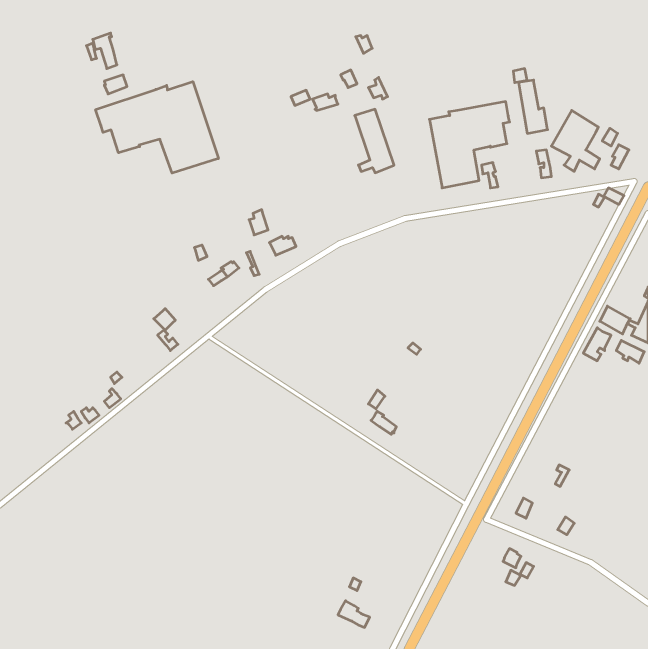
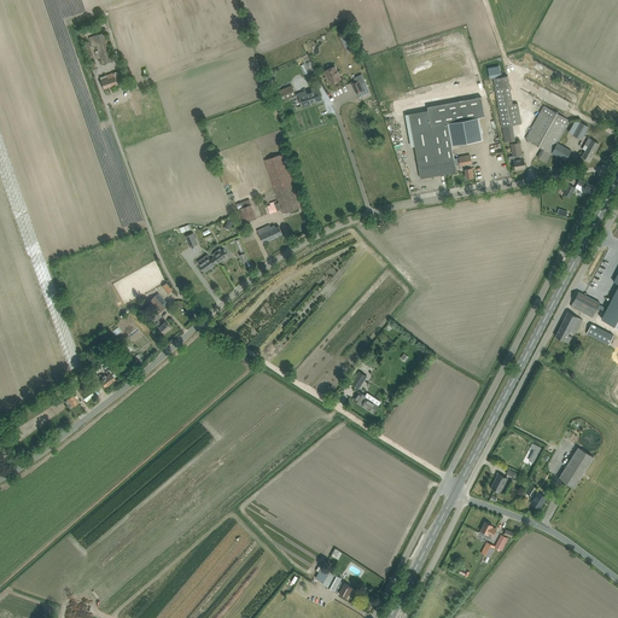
building: [96,82,218,173] -> none
building: [355,109,394,173] -> [263,153,301,214]
building: none -> [558,447,593,488]

